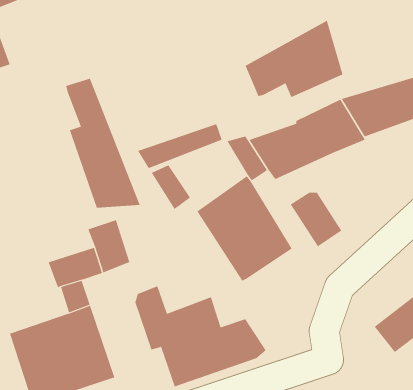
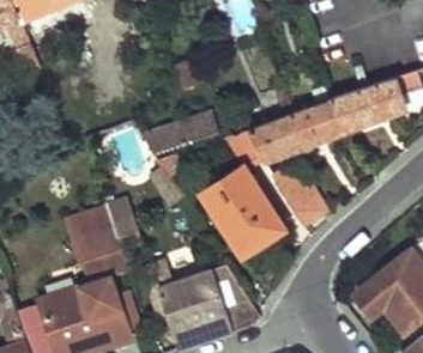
building: [245,20,343,98] -> none
building: [66,78,140,208] -> none

